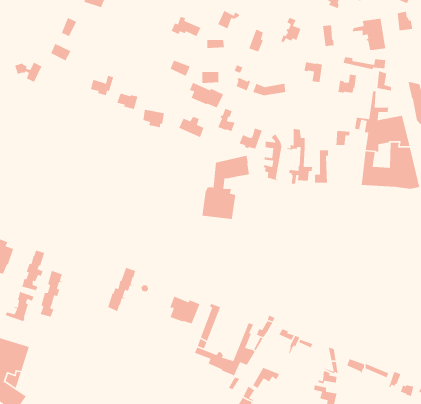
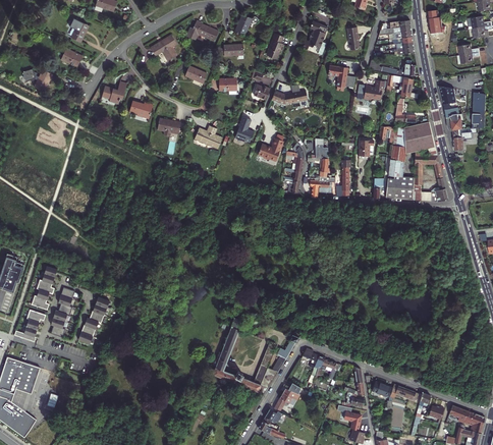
building: none -> [152,34,179,60]
building: [189,82,224,109] -> none
building: [202,155,250,220] -> none
building: [107,267,136,312] -> [78,295,109,343]
building: [169,296,201,324] -> none

